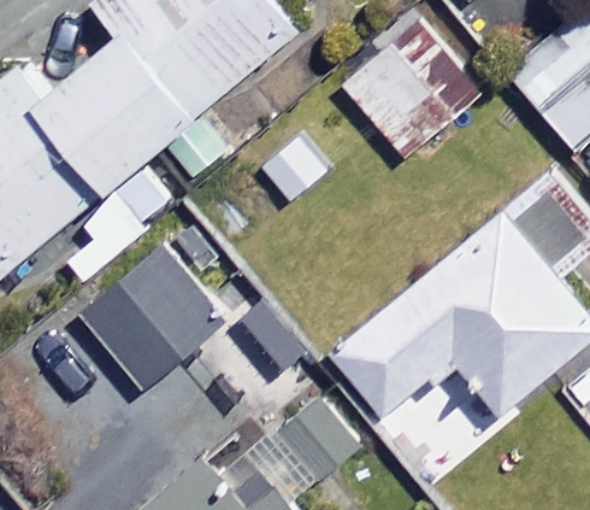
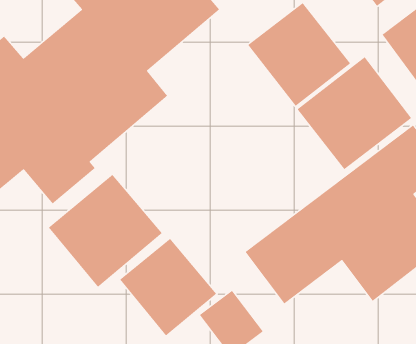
building: none -> [297,56,412,170]
building: none -> [119,238,217,336]

